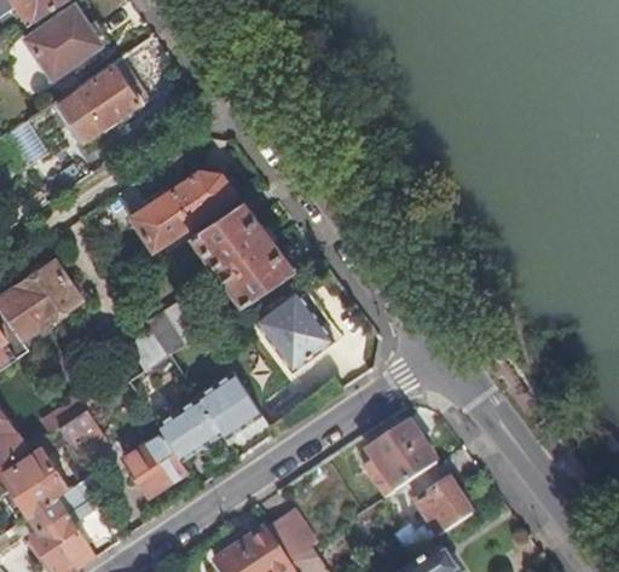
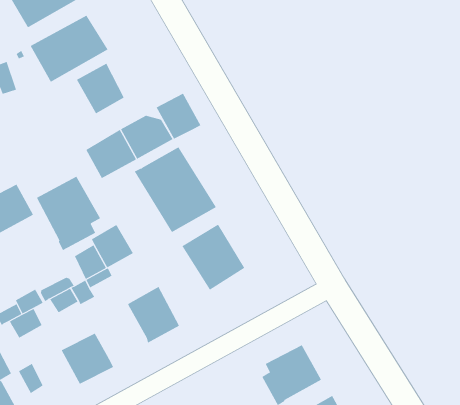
building: none -> [76,63,125,114]
building: none -> [156,93,201,140]
building: none -> [36,176,101,251]
building: [157,395,222,461] -> none

